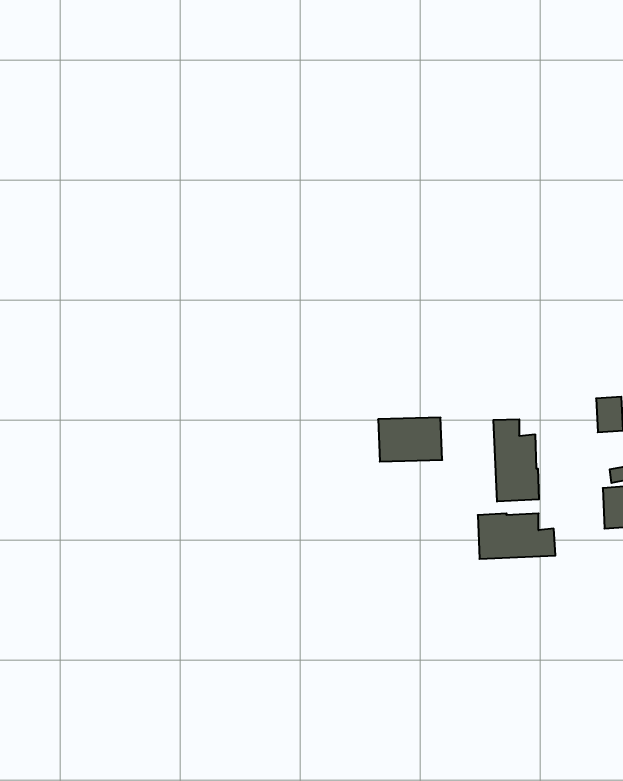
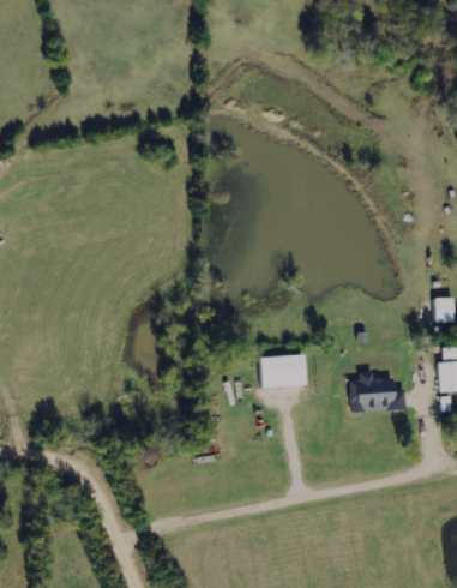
building: [378,418,442,462] -> [259,355,305,386]
building: [493,419,539,502] -> none

